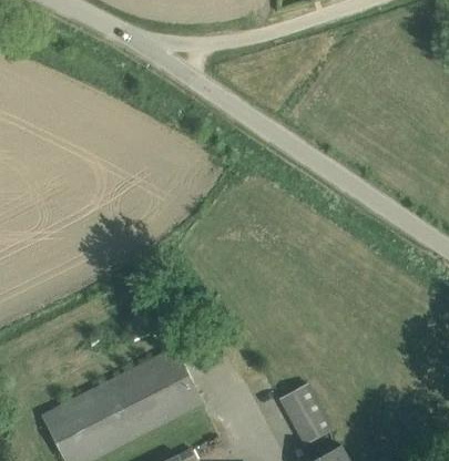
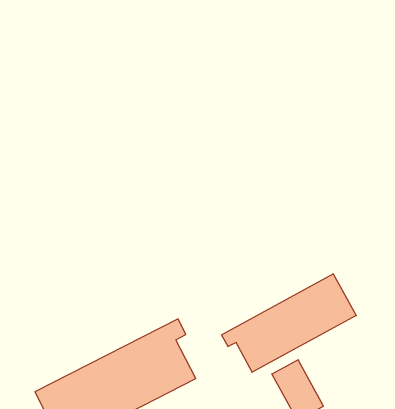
building: none -> [222,274,356,372]

